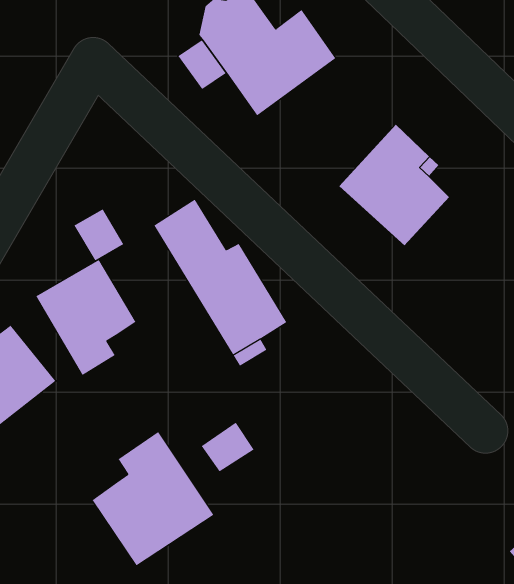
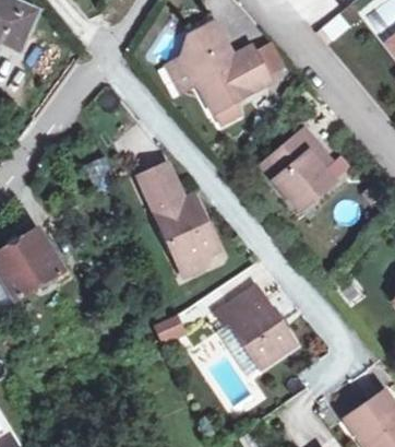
building: [35,259,136,376] -> none
building: none -> [214,283,295,368]
building: [92,431,214,566] -> none

